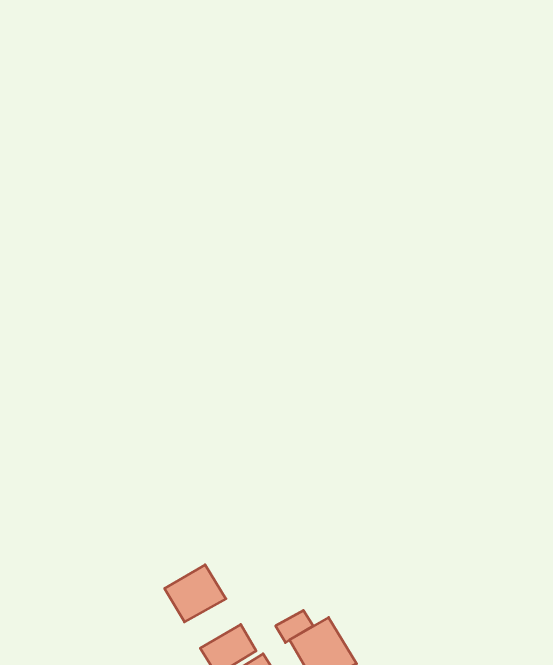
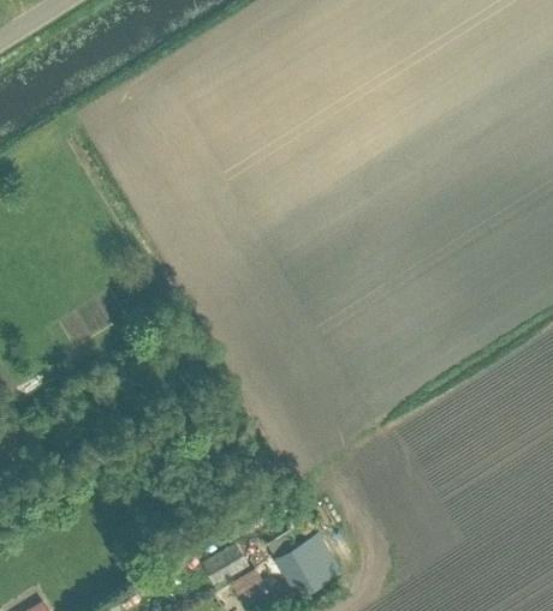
building: [165,565,226,622] -> none

